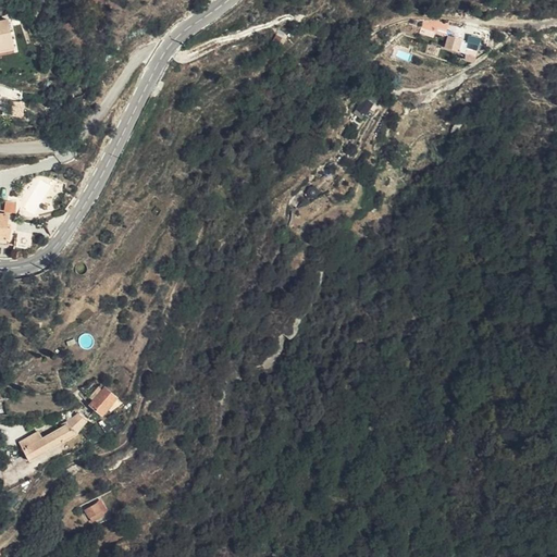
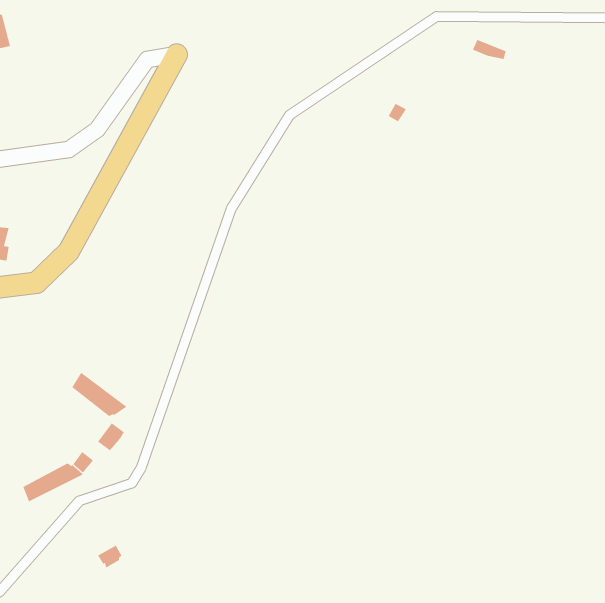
building: none -> [72,372,127,417]

